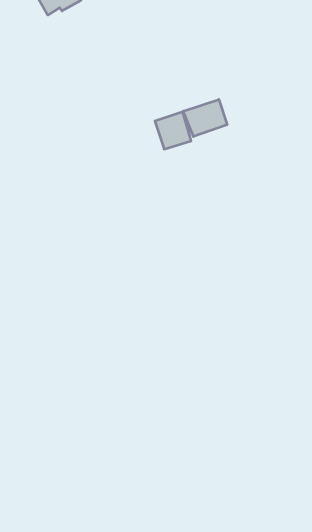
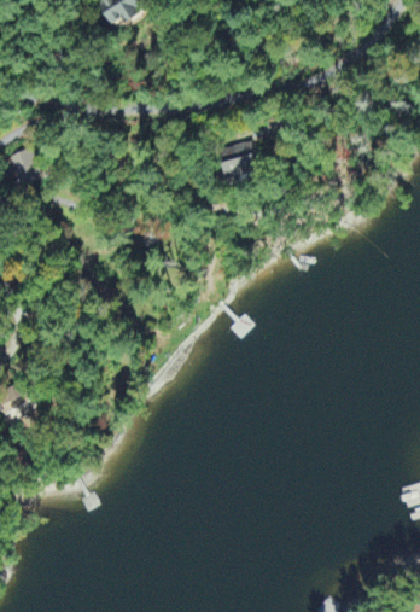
building: [183,99,227,137] -> none

